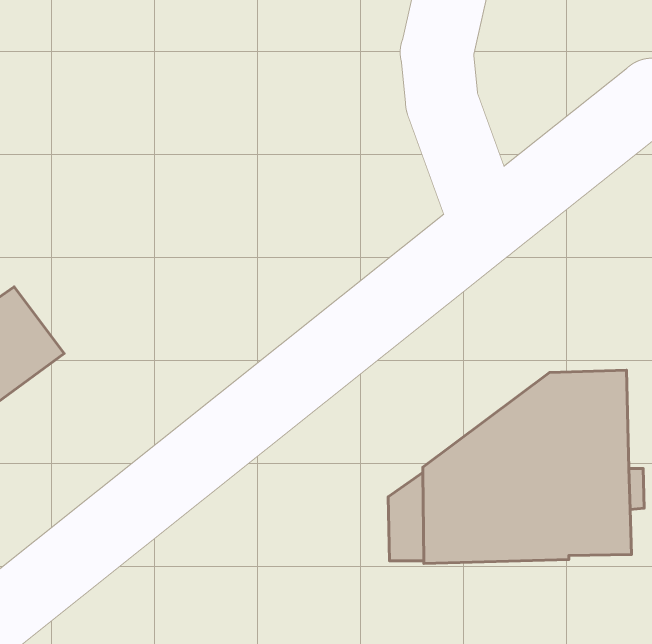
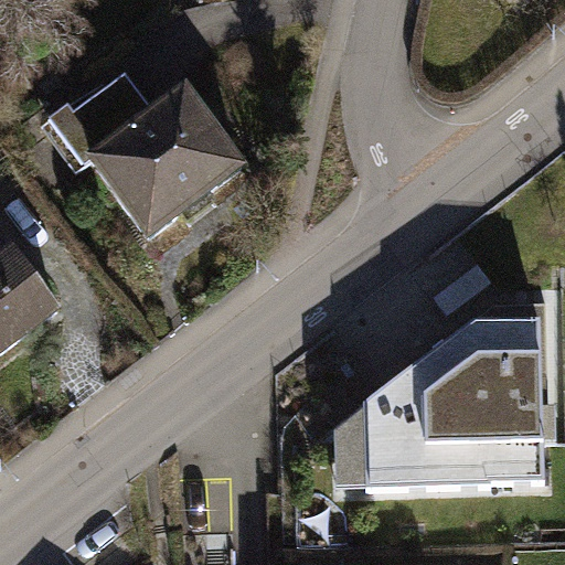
building: none -> [62,73,242,232]

